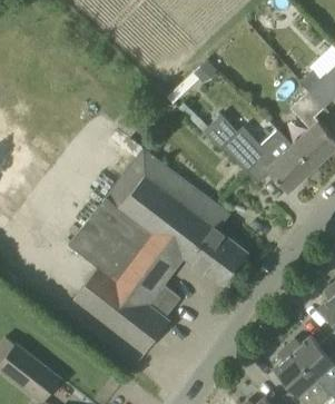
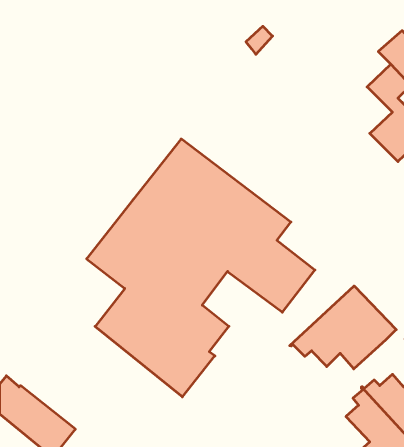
building: [203,114,315,193] -> none
building: none -> [290,286,396,369]

